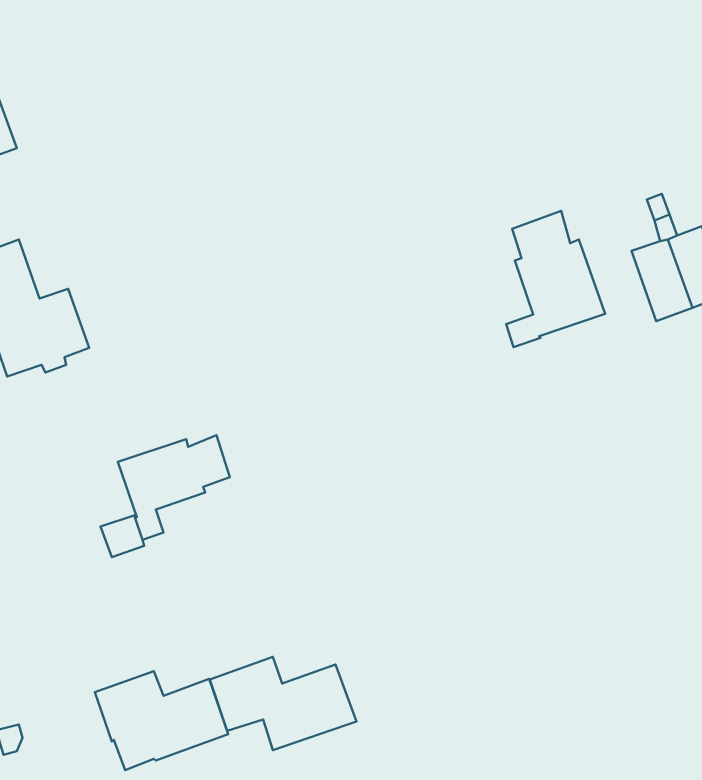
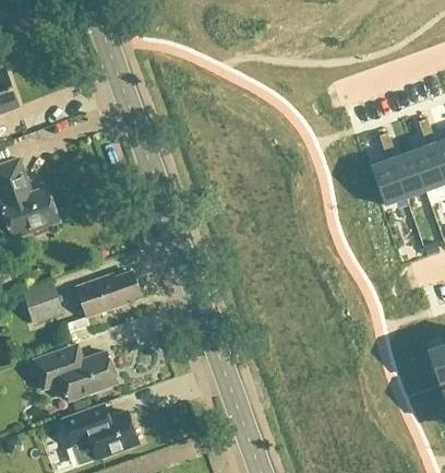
building: [506,211,605,347] -> none
building: none -> [14,280,62,324]
building: [210,657,356,750] -> [34,346,118,400]

